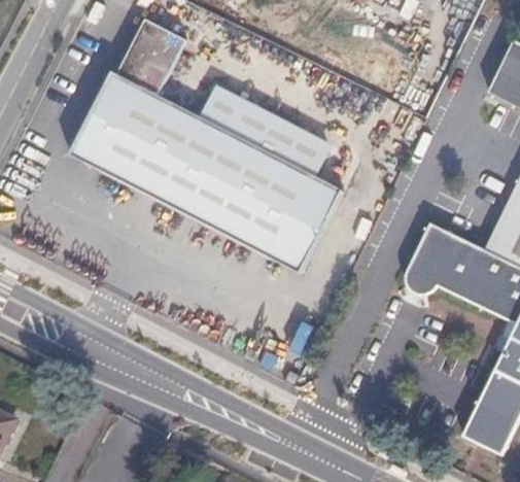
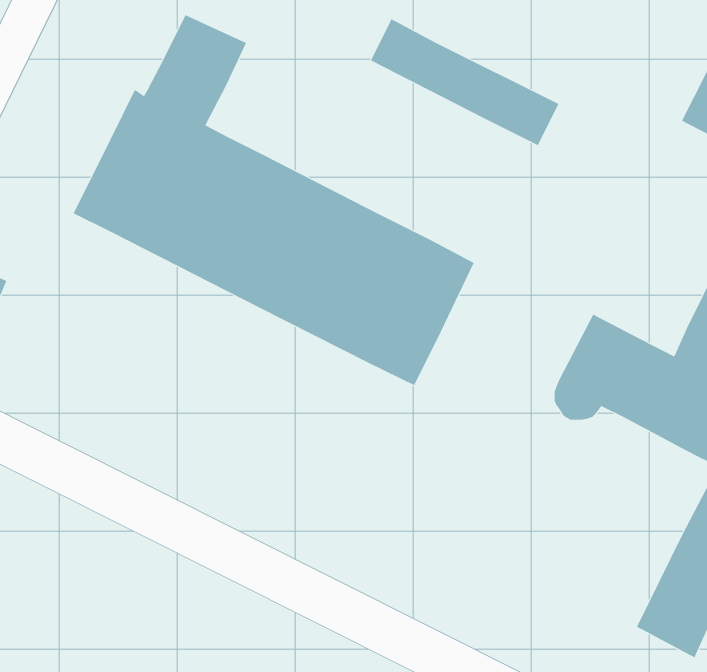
building: [204,83,334,171] -> [370,19,559,146]

